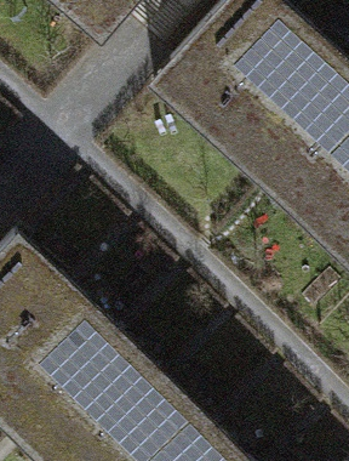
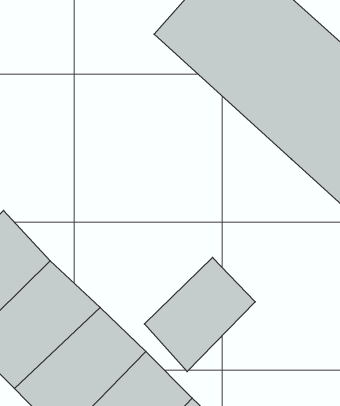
building: none -> [144,258,255,371]

